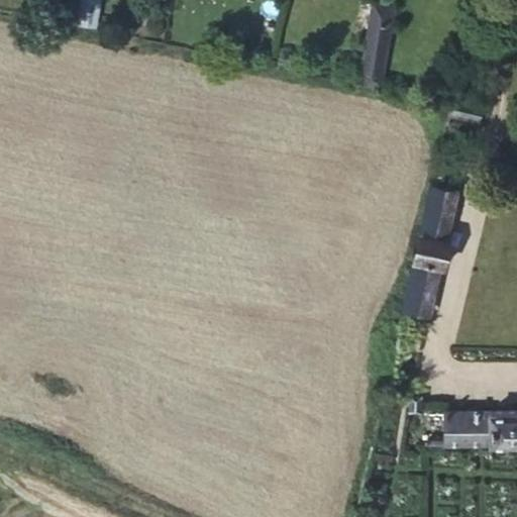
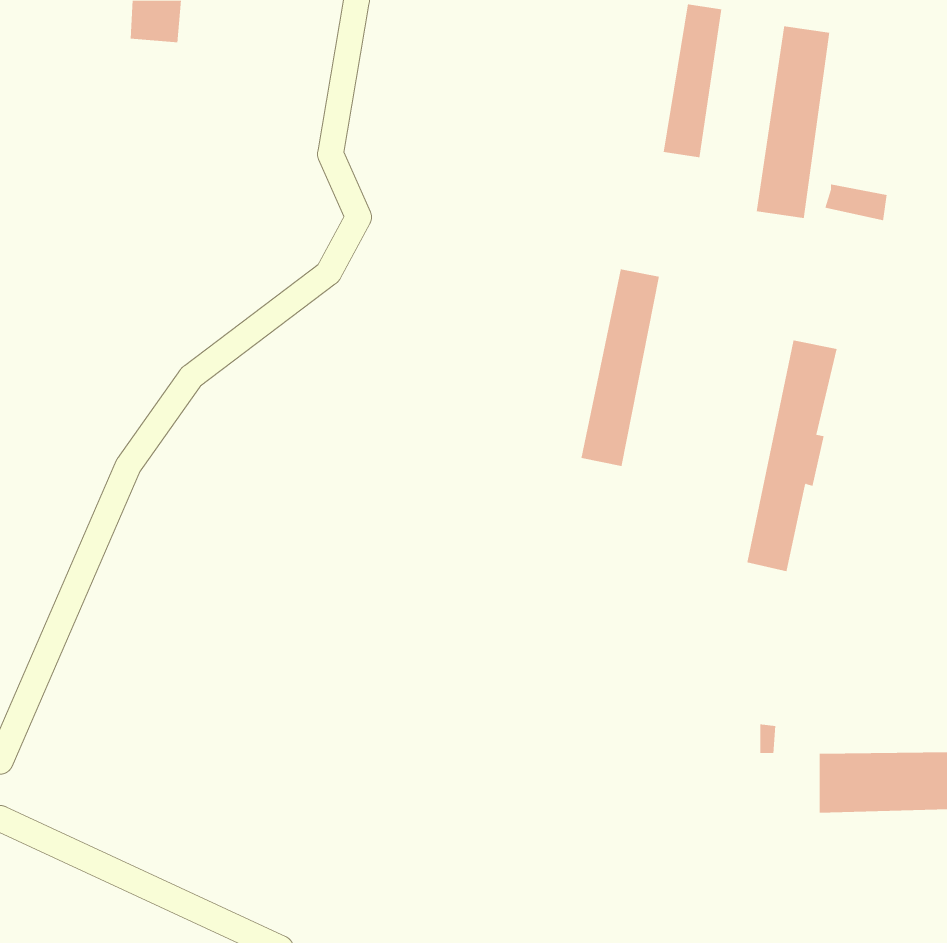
building: none -> [756,26,830,219]
building: none -> [581,268,660,467]

